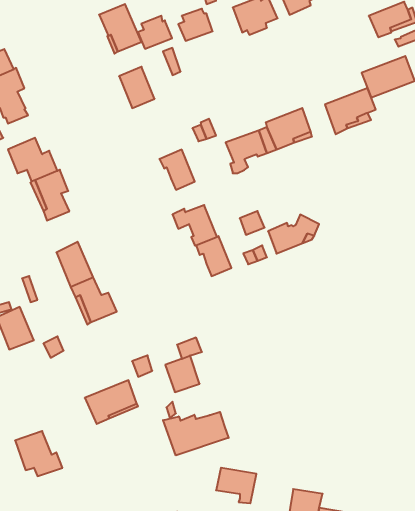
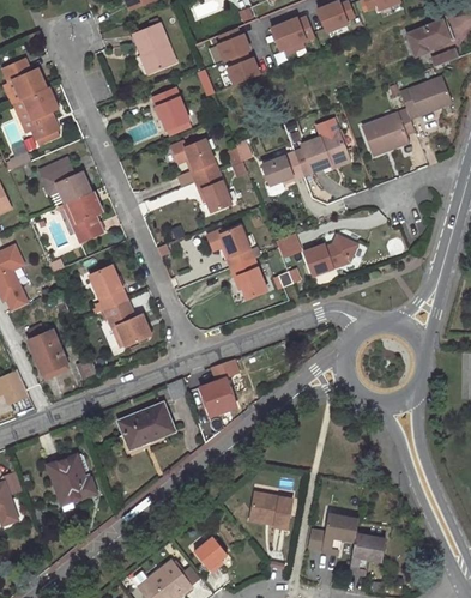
building: [138,16,172,49] -> [224,50,259,84]
building: none -> [183,139,217,180]
building: [163,412,229,455] -> none

